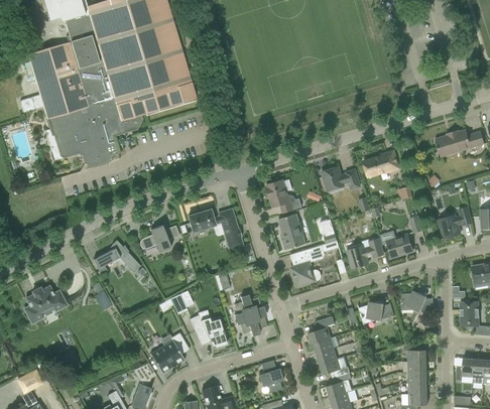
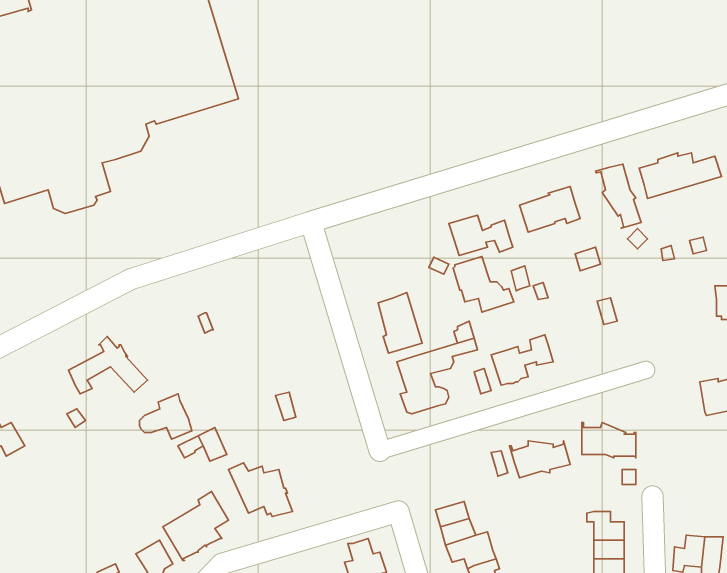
building: none -> [596,164,641,228]
building: [266,179,302,213] -> [453,256,514,312]
building: [439,207,472,238] -> none
building: [189,209,243,249] -> none
building: [140,225,171,252] -> [140,394,192,439]
building: [380,231,413,257] -> none
building: [234,294,267,335] -> none
building: [461,300,479,329] -> none
building: [309,315,335,344] -> none

